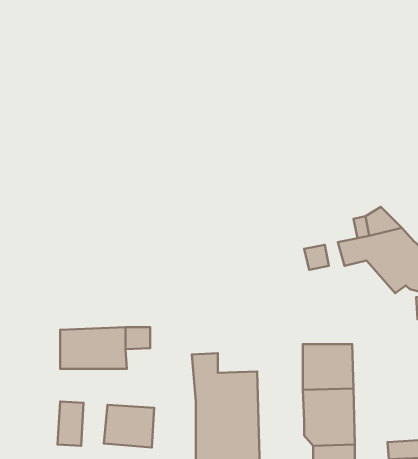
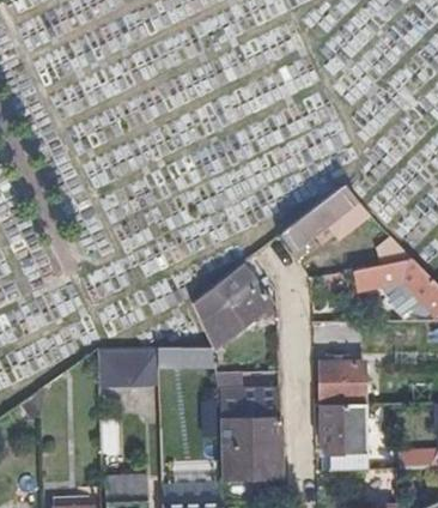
building: none -> [281,187,364,260]
building: none -> [193,264,272,347]
building: [104,405,154,447] -> none

